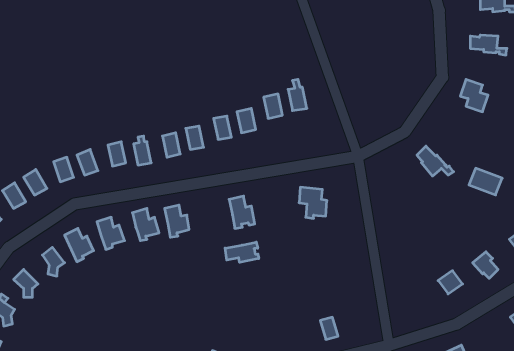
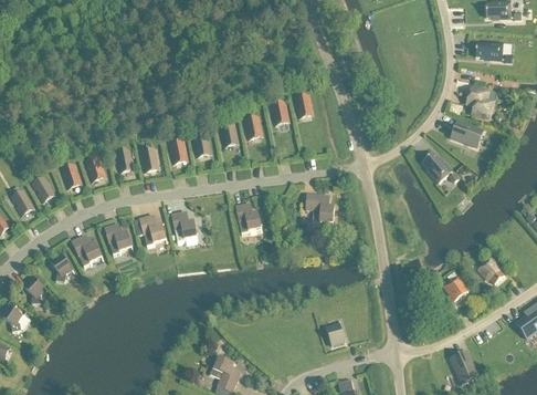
building: [469,168,502,195] -> [450,119,483,146]
building: [225,242,259,262] -> none

